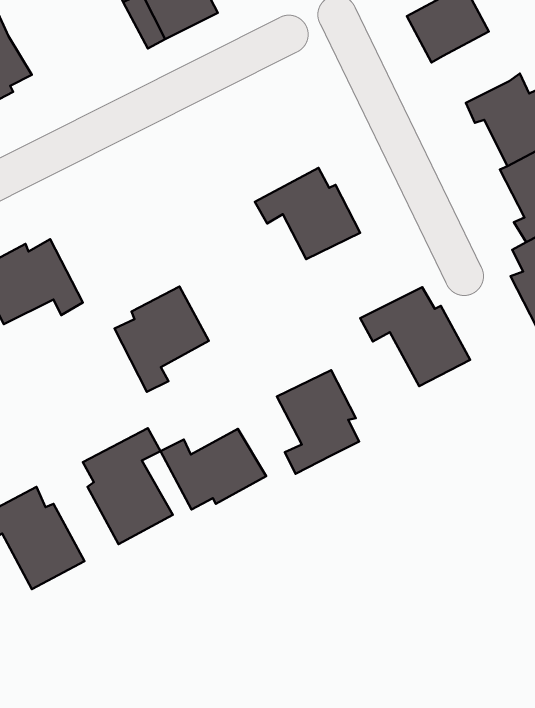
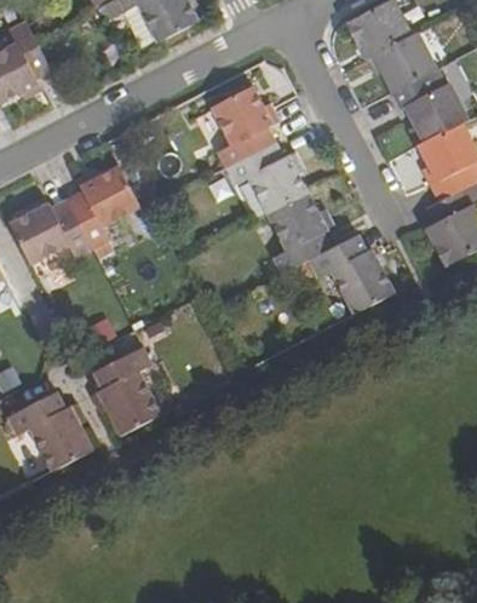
building: none -> [373,33,433,91]
building: none -> [211,85,276,168]
building: [114,287,209,392] -> [67,165,140,247]
building: [277,370,359,474] -> [266,193,331,274]
building: [160,429,266,510] -> none

